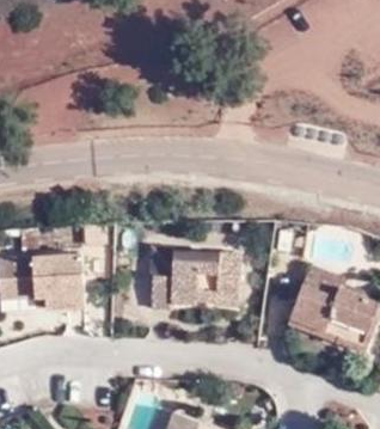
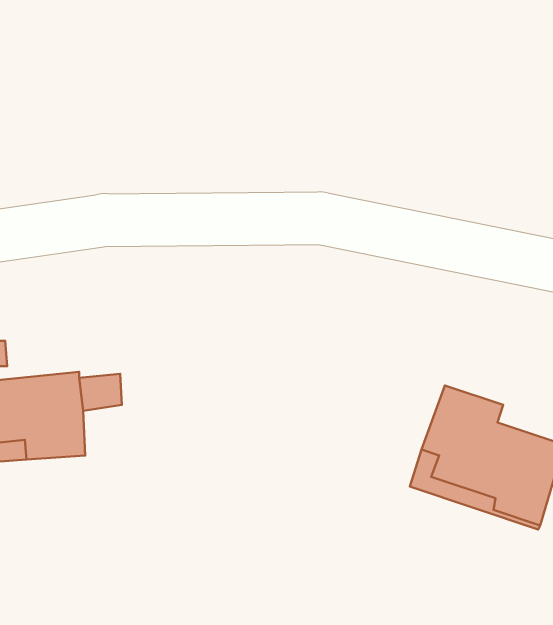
building: [149,249,238,307] -> none

